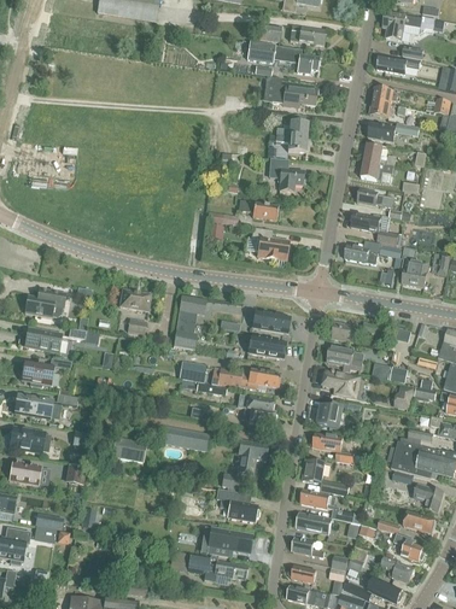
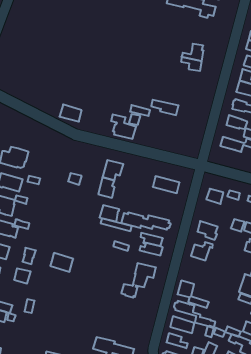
building: [264,76,316,106] -> none
building: [268,158,303,192] -> none
building: [251,227,288,259] -> [111,114,136,139]
building: [118,288,150,311] -> [59,104,82,122]
building: [246,335,285,358] -> none
building: [327,346,362,374] -> none
building: [160,426,209,451] -> none
building: [310,433,355,463] -> none
building: [215,490,257,521] -> none
building: [199,527,251,557] -> none

